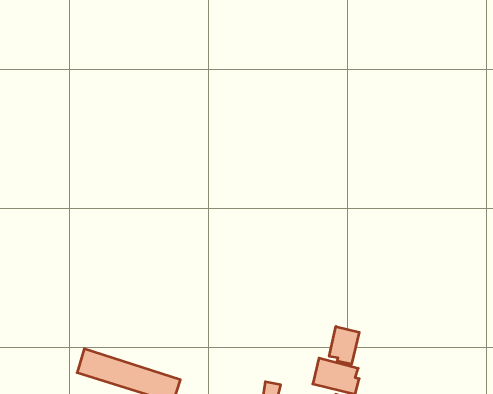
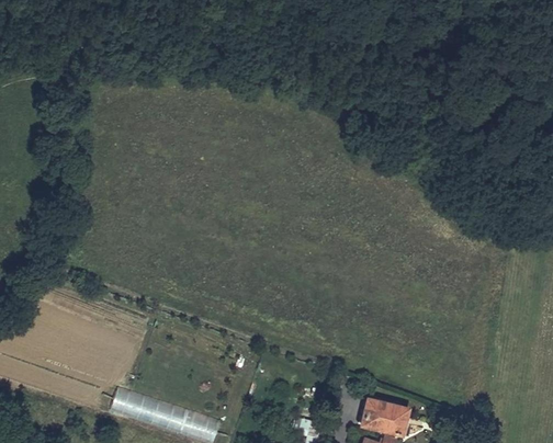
building: [329,326,359,364] -> none

